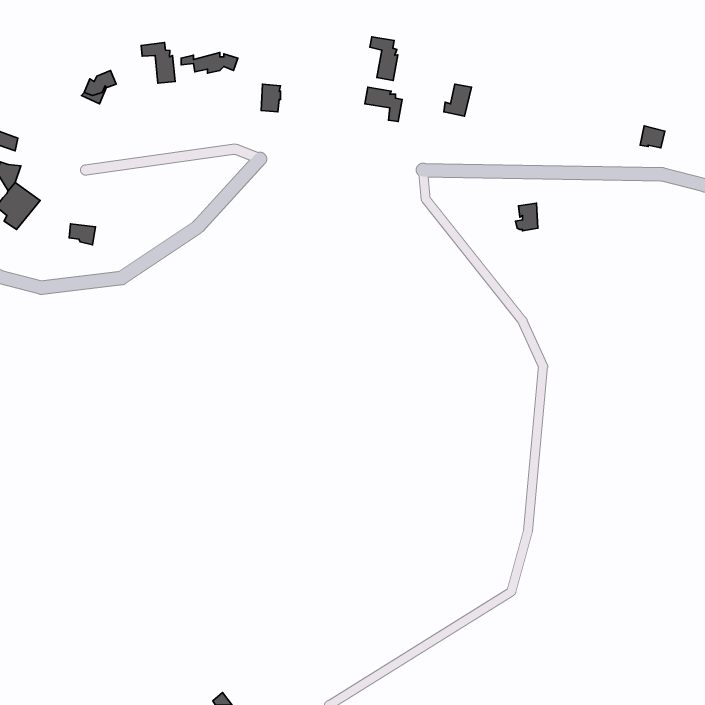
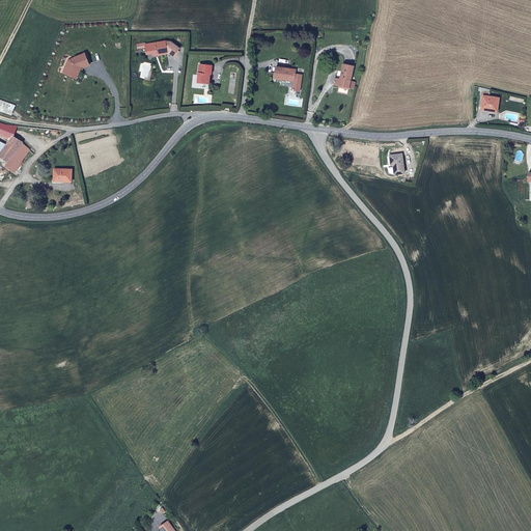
building: [370,37,398,81] -> none
building: [141,43,175,83] -> none

